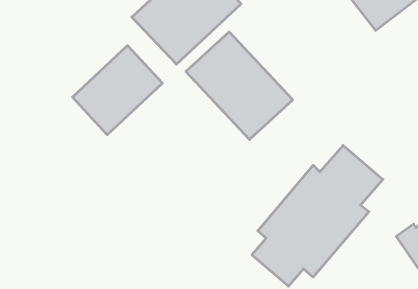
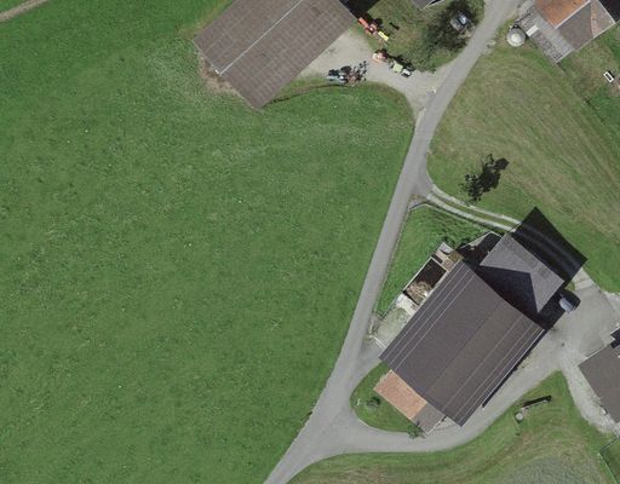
building: [186,32,293,140] -> none
building: [72,46,162,135] -> none

